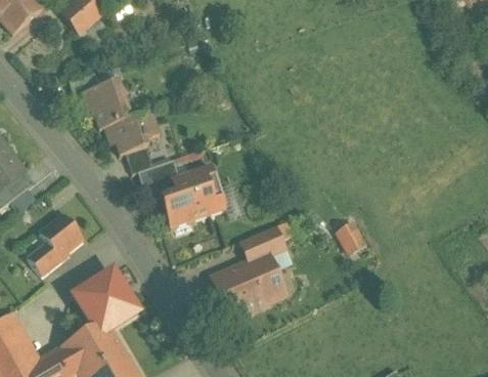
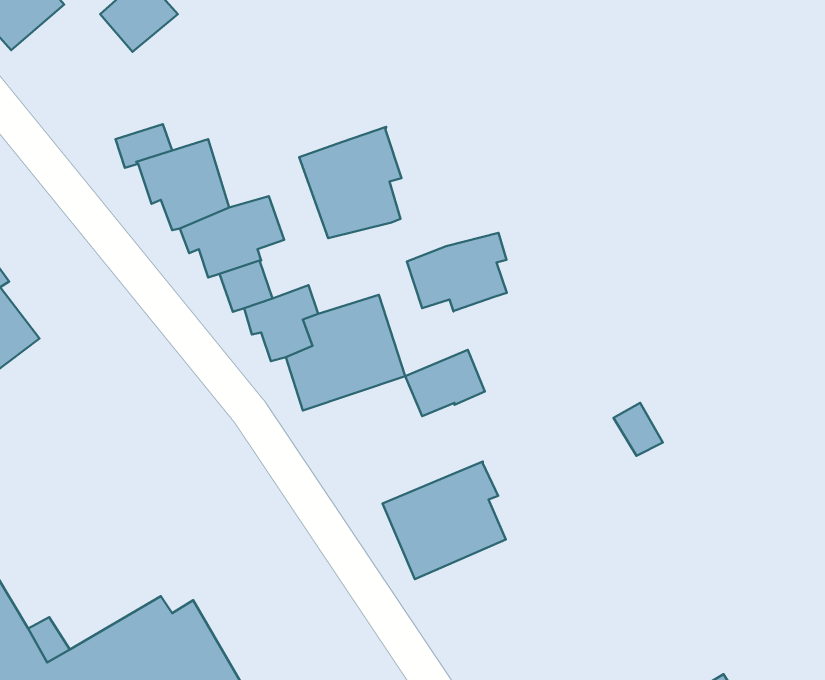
building: none -> [299,127,402,238]
building: none -> [407,233,507,312]
building: [28,212,84,274] -> none
building: [241,224,284,260] -> [405,350,485,416]
building: [75,269,138,335] -> none

